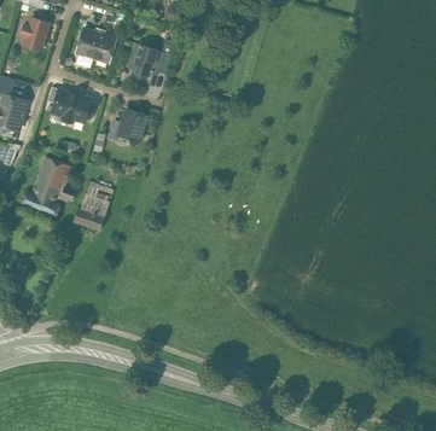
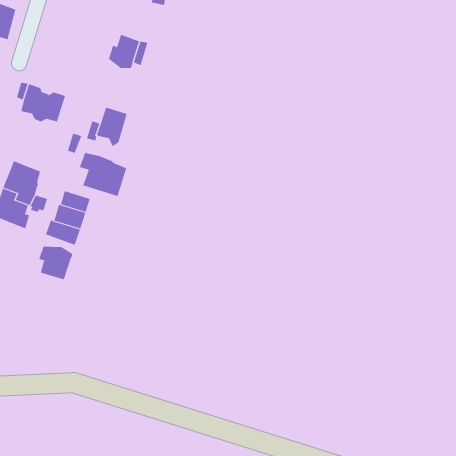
building: [75,28,115,62] -> none
building: none -> [79,152,127,197]
building: none -> [39,246,73,280]

